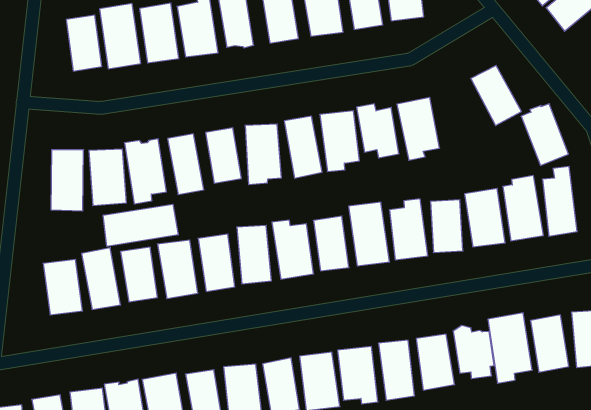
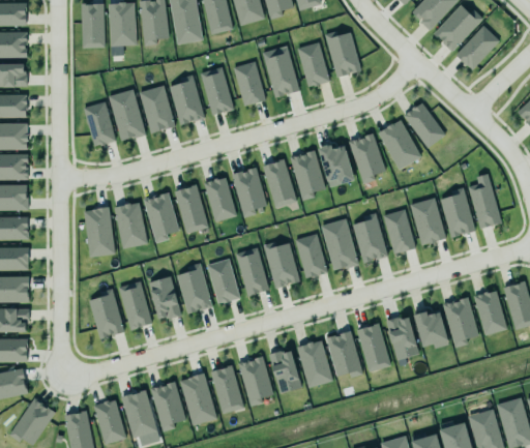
building: [521,104,568,165] -> [379,119,419,168]
building: [103,204,178,246] -> none

